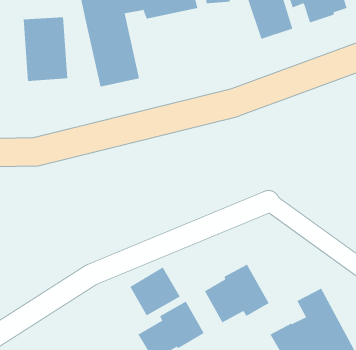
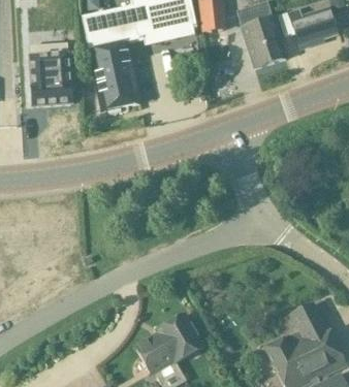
building: [204,264,270,323] -> none
building: [130,266,181,316] -> none

